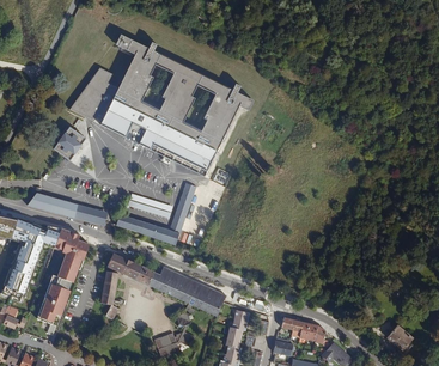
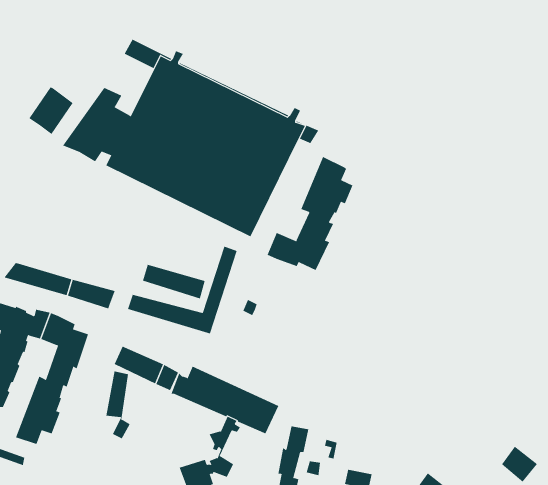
building: none -> [267,156,353,271]
building: [54,126,86,160] -> [28,86,74,135]
building: [280,317,322,343] -> none

